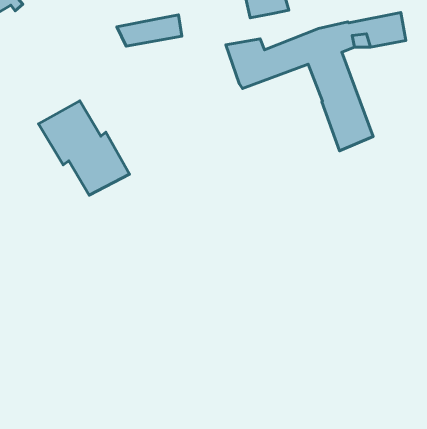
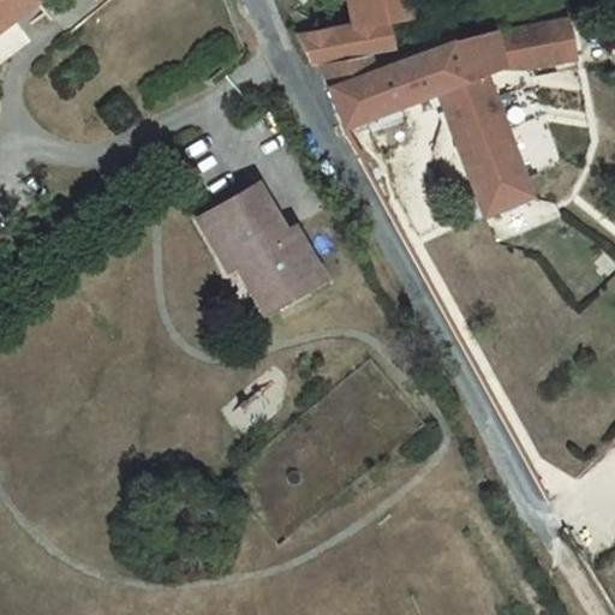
building: [117,15,182,46] -> [301,19,394,64]
building: [39,101,130,195] -> [193,183,323,317]

